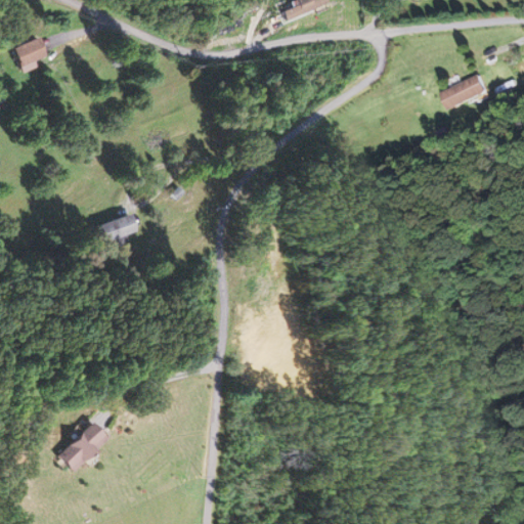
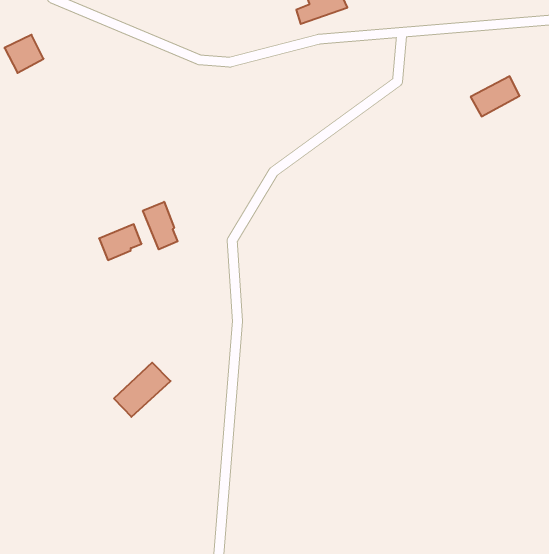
building: none -> [143,202,178,249]
building: [56,420,110,471] -> [114,363,171,417]

